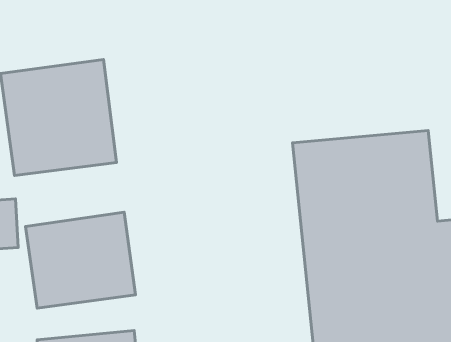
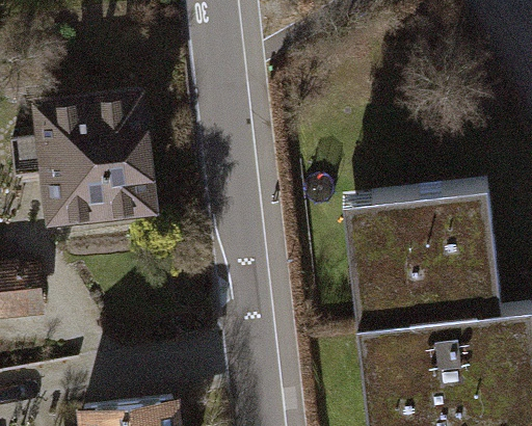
building: [25,212,135,308] -> none

